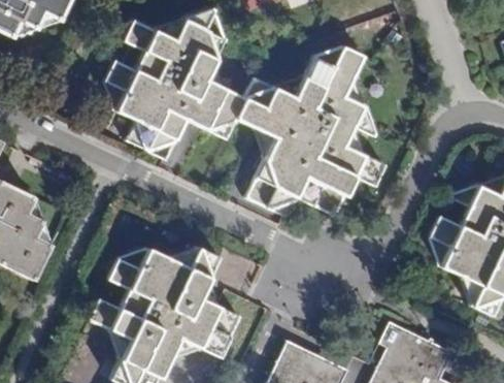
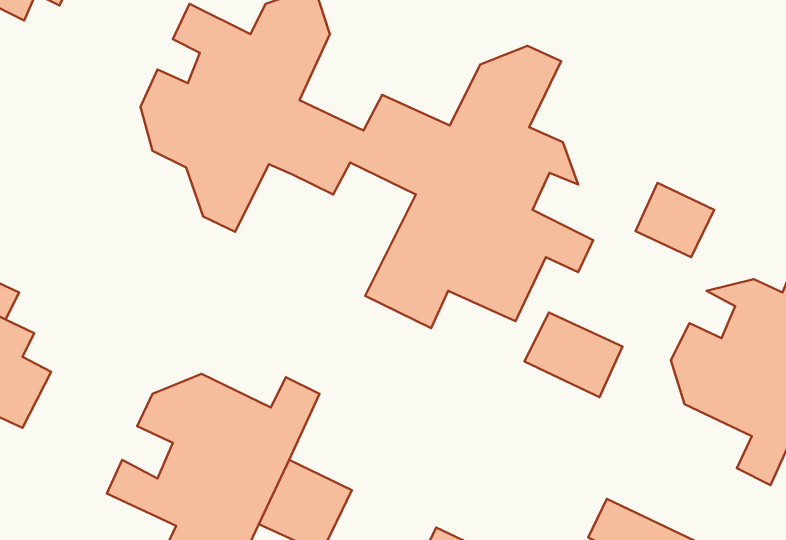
building: none -> [635,183,714,257]
building: none -> [525,312,623,397]

